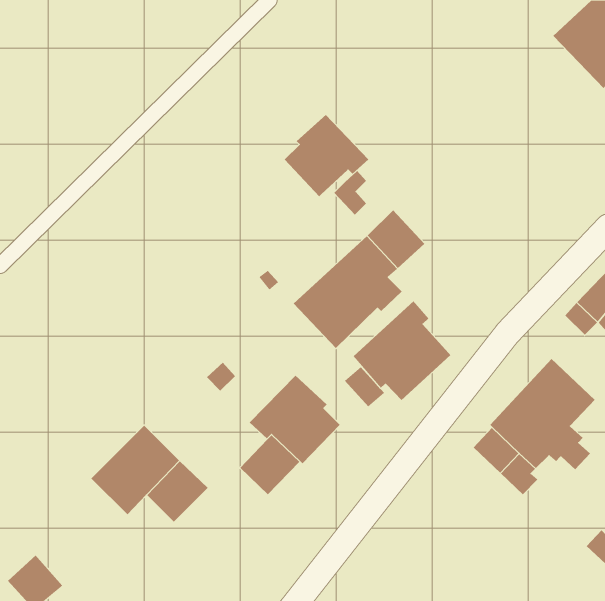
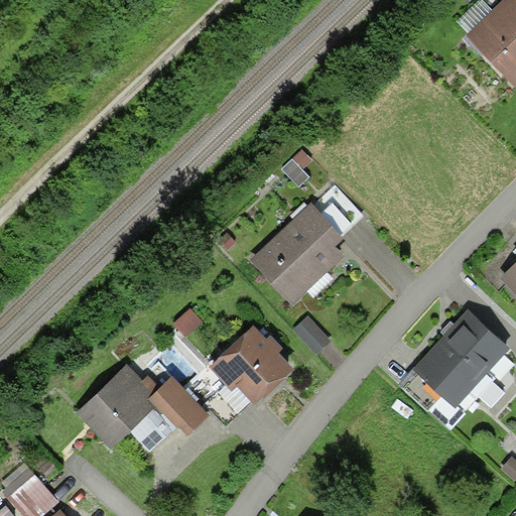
building: [284,114,369,197] -> none
building: [353,300,451,401] -> none
building: none -> [155,380,205,428]

